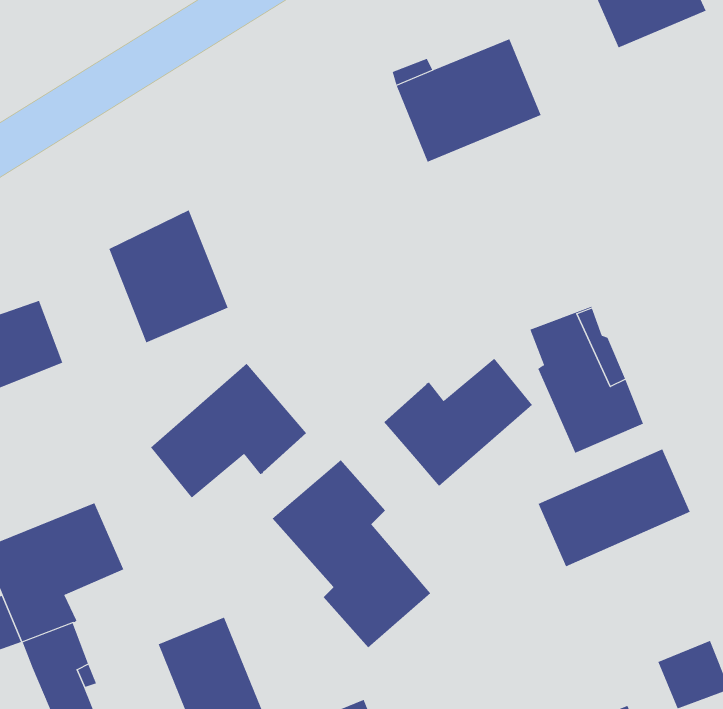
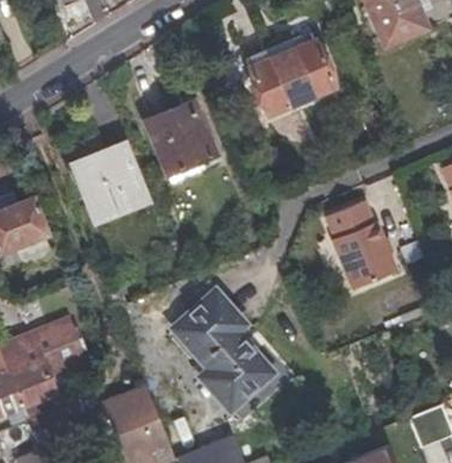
building: none -> [144,100,215,174]
building: [384,358,533,487] -> none
building: [150,363,307,499] -> none
building: [538,448,690,567] -> none

